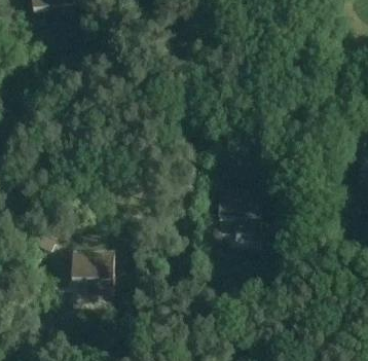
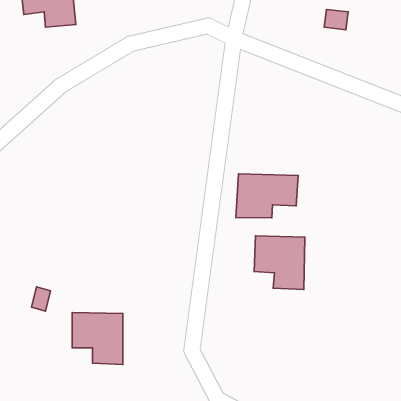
building: none -> [236,174,298,218]

